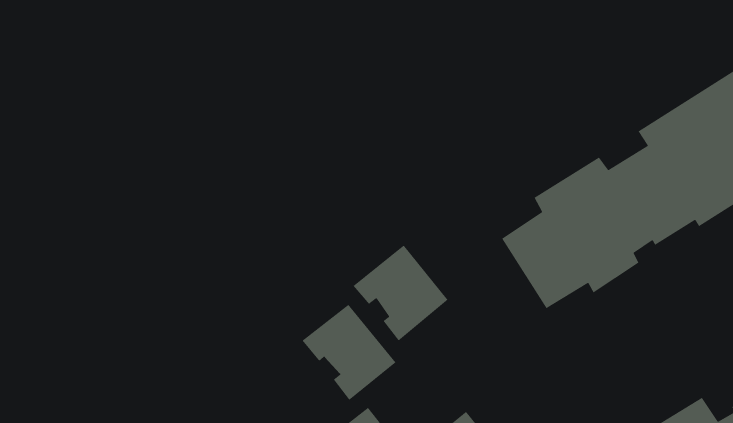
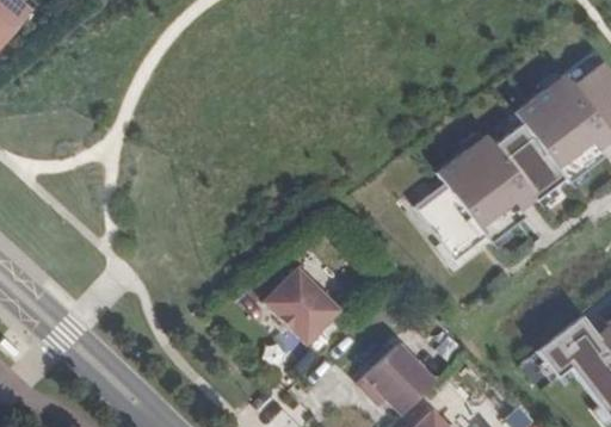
building: [352,244,448,341] -> none

